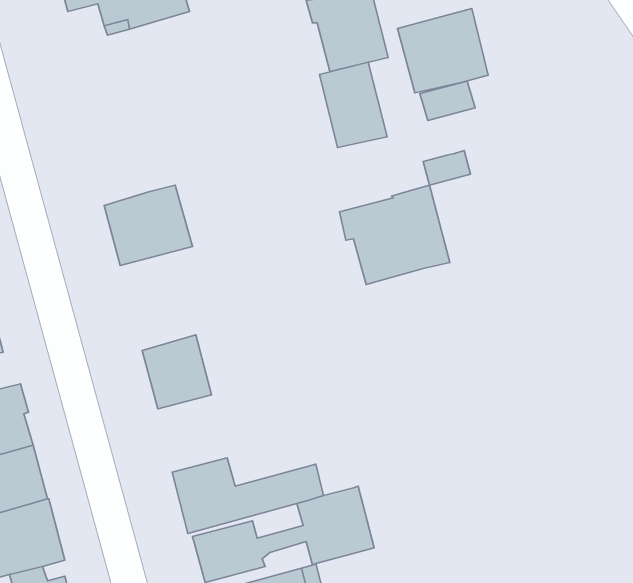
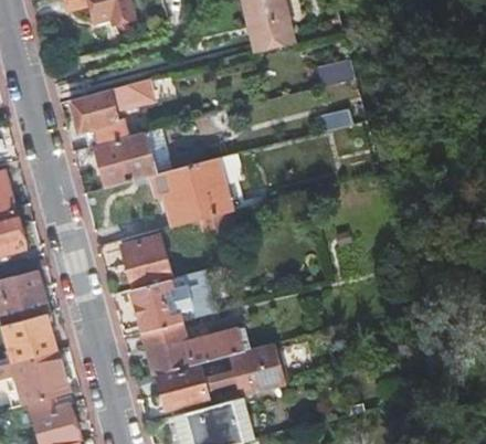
building: [398,8,488,93] -> none
building: [319,62,387,147] -> none
building: none -> [71,78,154,147]
building: [339,185,450,284] -> [154,158,231,228]
building: none -> [131,271,213,332]

